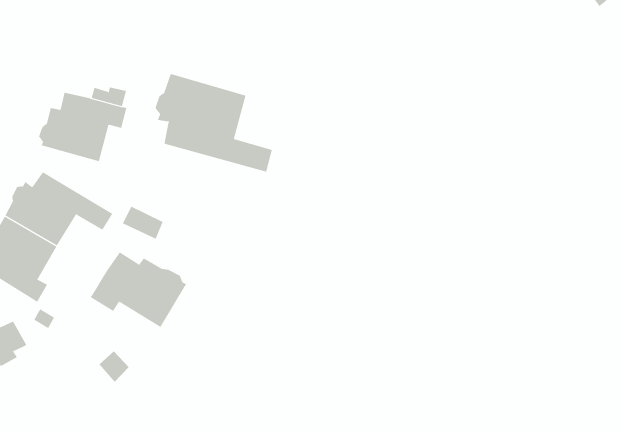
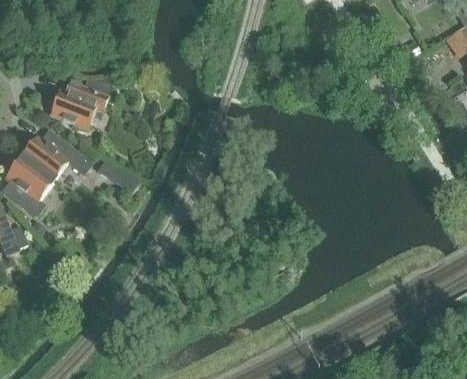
building: [155,73,272,173] -> none
building: [90,252,187,328] -> none

